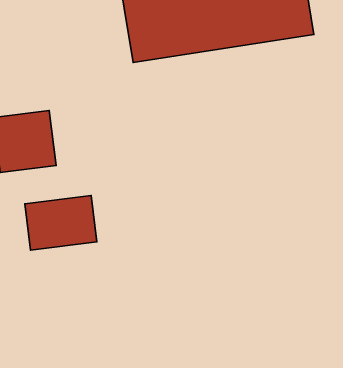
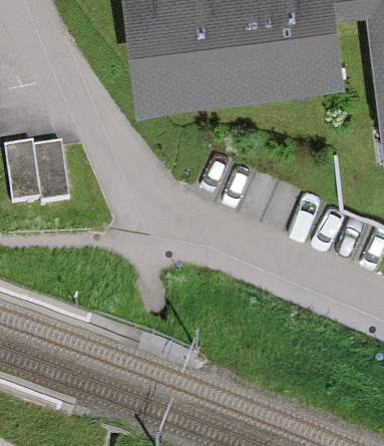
building: [25,196,97,250] -> none

